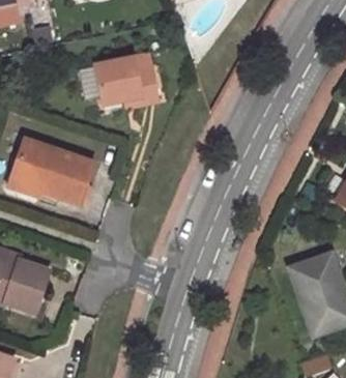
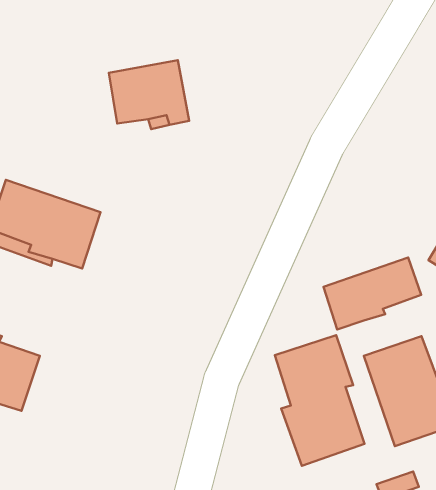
building: none -> [323,258,421,329]
building: none -> [275,335,364,466]

